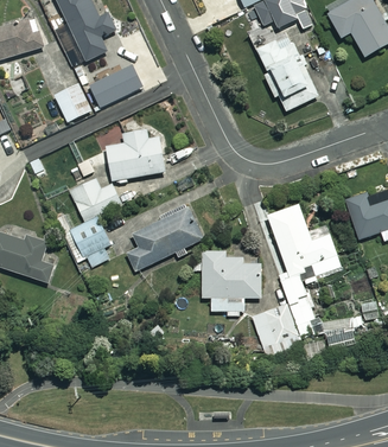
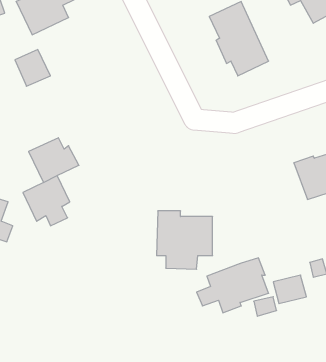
building: [90,65,141,106] -> none
building: [106,128,164,180] -> none
building: [267,203,341,305] -> none
building: [126,206,203,270] -> none

